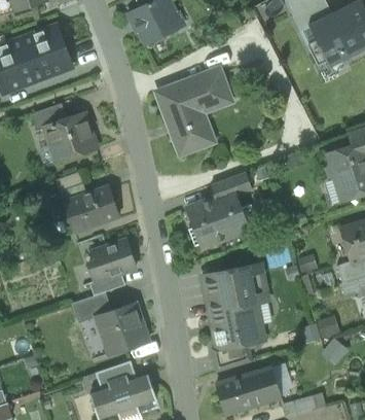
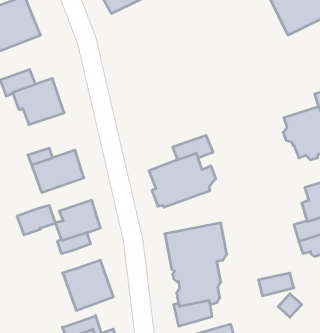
building: [157,69,228,153] -> none
building: [72,292,112,323] -> [17,205,55,235]

